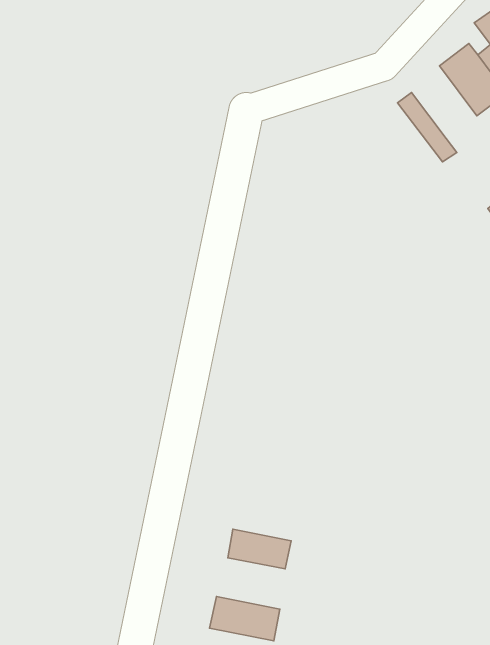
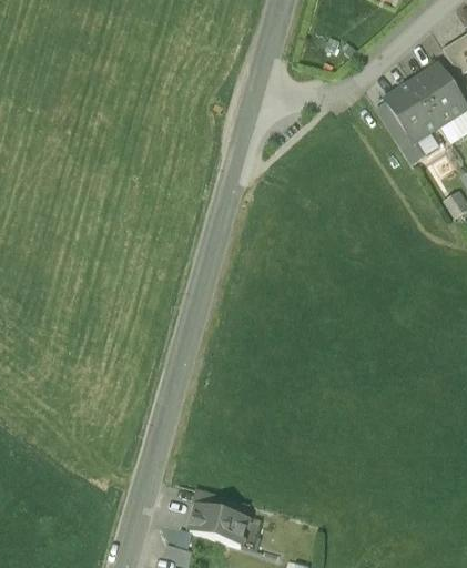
building: none -> [386,81,440,153]
building: [228,529,291,569] -> none

